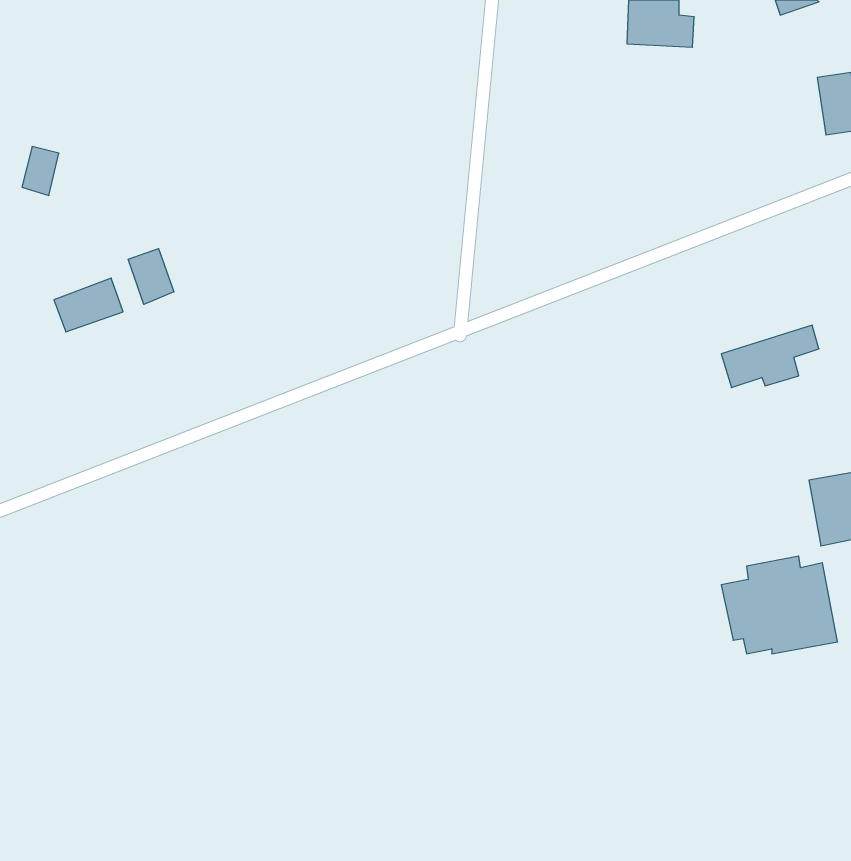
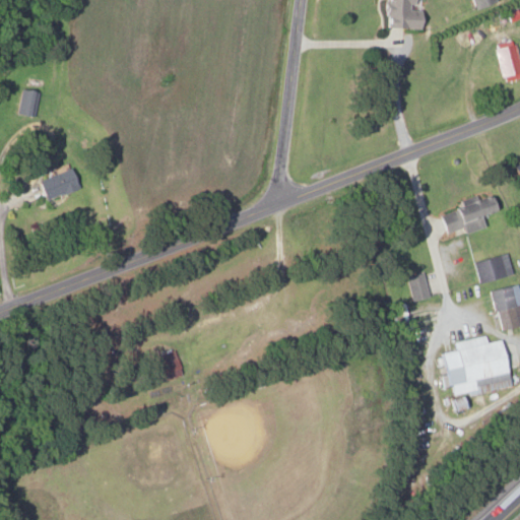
building: [128,249,174,304] -> none
building: none -> [476,252,515,282]
building: none -> [407,271,432,301]

